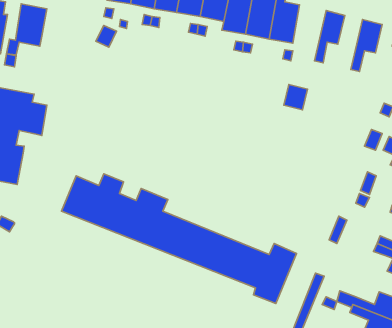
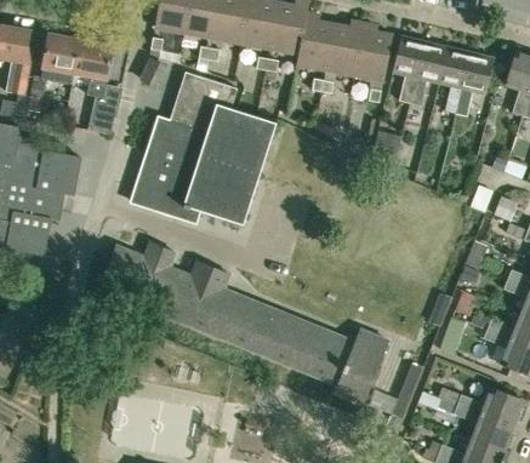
building: none -> [392,36,424,103]
building: none -> [74,39,121,135]
building: none -> [439,47,469,114]
building: none -> [135,72,274,223]

